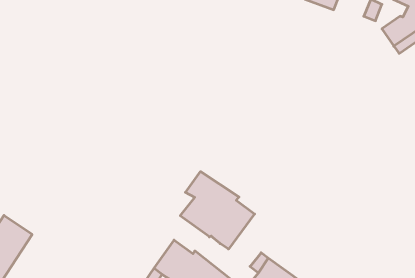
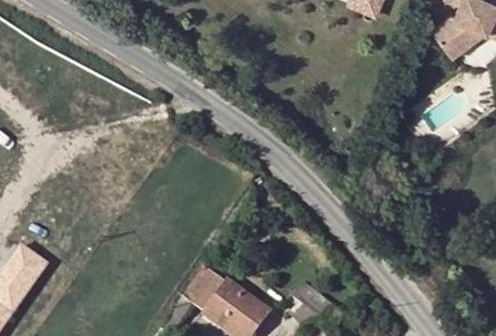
building: [180,172,255,249] -> none

